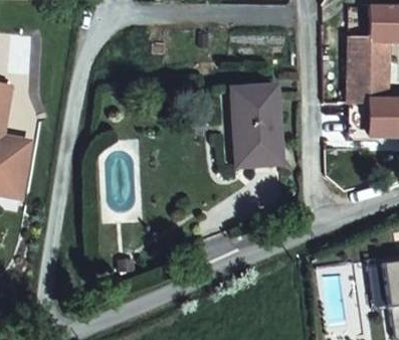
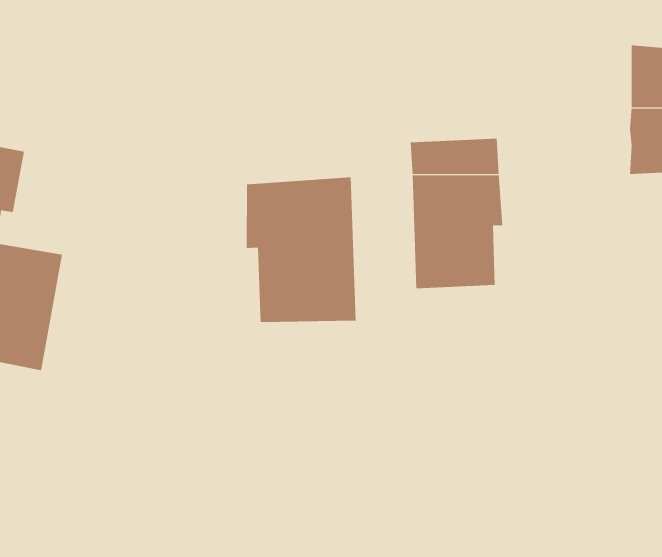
building: none -> [246,177,356,323]

